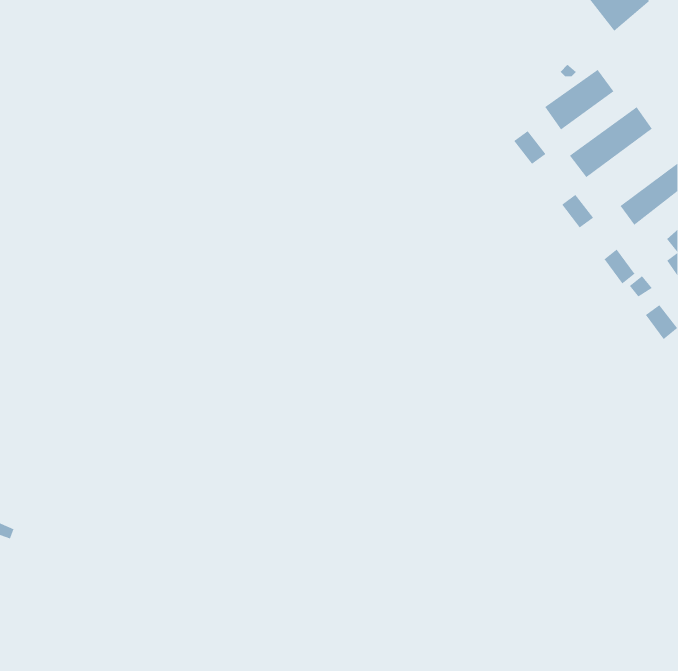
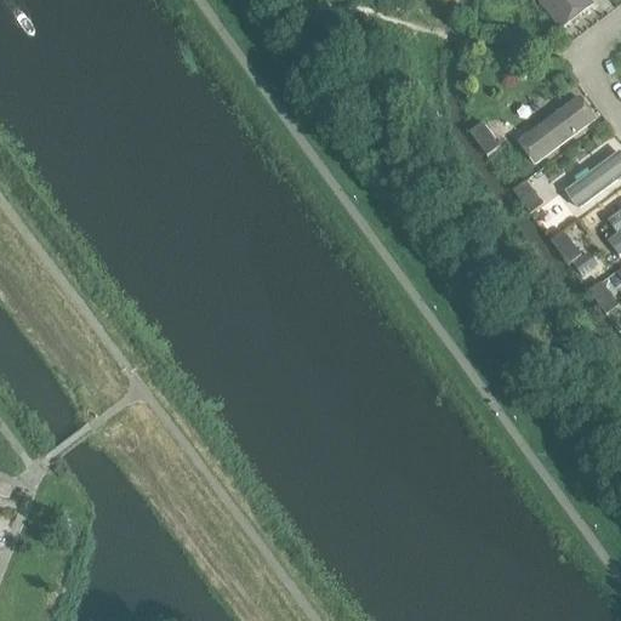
building: [544,69,615,130] -> none

